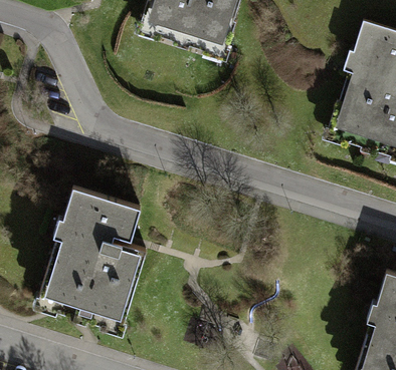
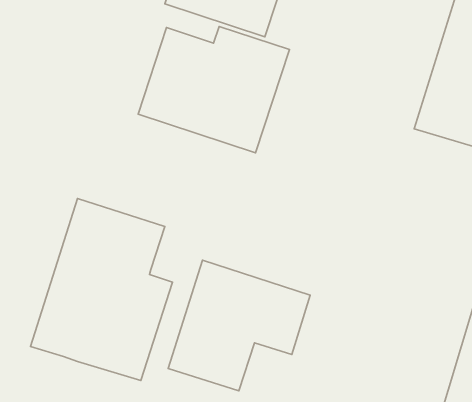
building: none -> [138,27,290,153]
building: none -> [168,260,310,391]

